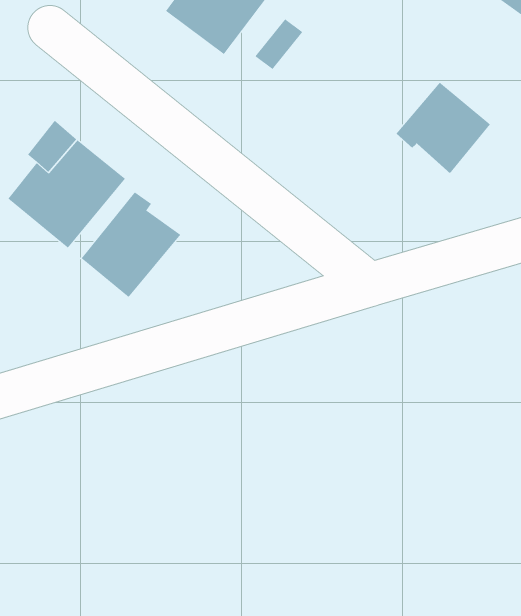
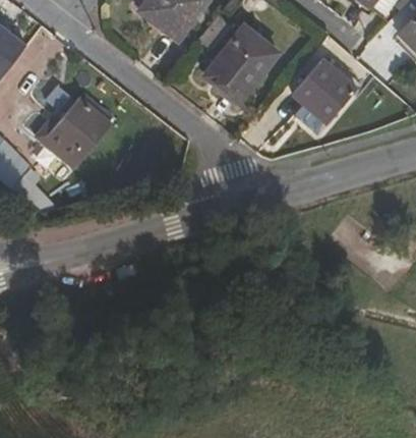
building: none -> [202,23,279,103]
building: [81,191,181,298] -> none

